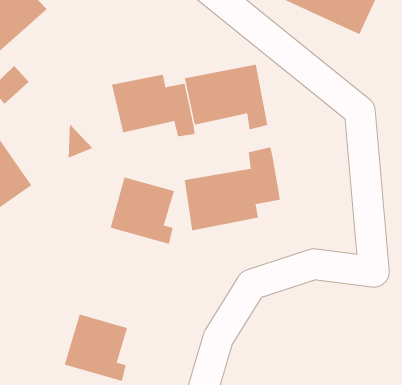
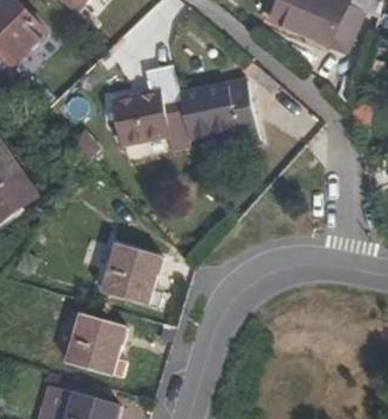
building: [184,147,280,231] -> none
building: [110,177,175,244] -> [101,243,162,306]

